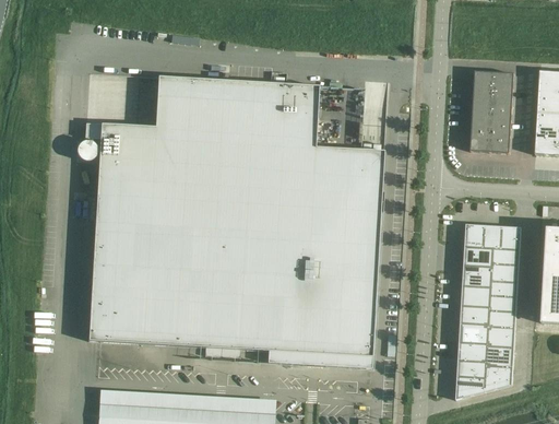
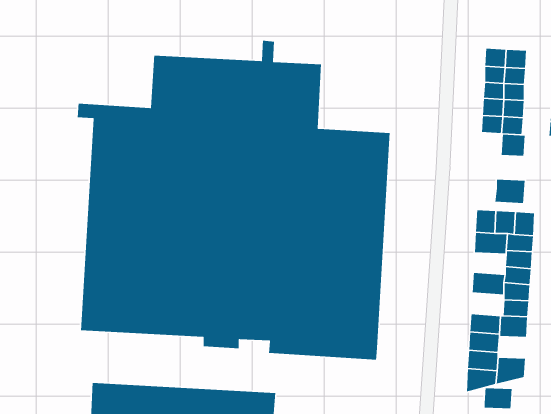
building: none -> [501,134,525,157]
building: none -> [495,179,525,204]
building: [462,266,493,286] -> none
building: [460,304,491,326] -> none
building: [486,345,513,366] -> [484,387,512,409]

